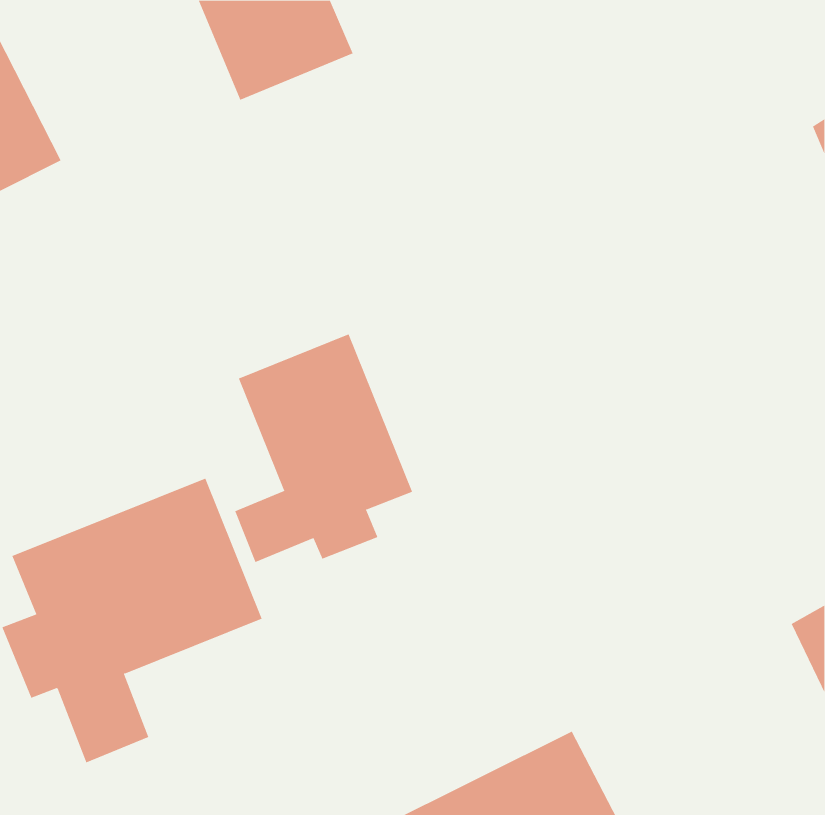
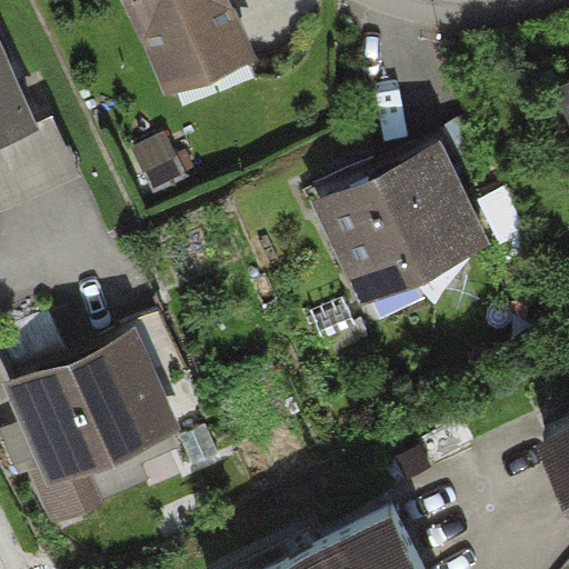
building: none -> [325,153,472,279]
building: [235,333,413,563] -> none

